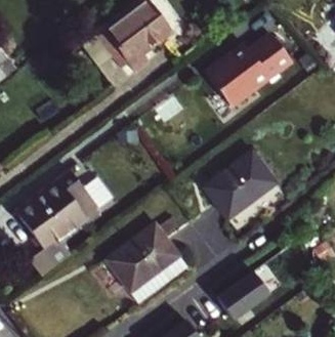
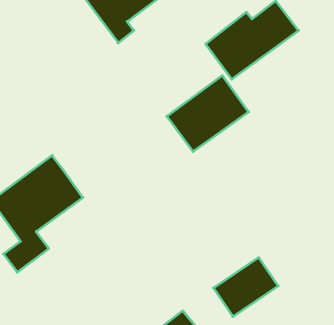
building: [201,152,275,220] -> [167,76,249,152]
building: [108,223,189,302] -> none

